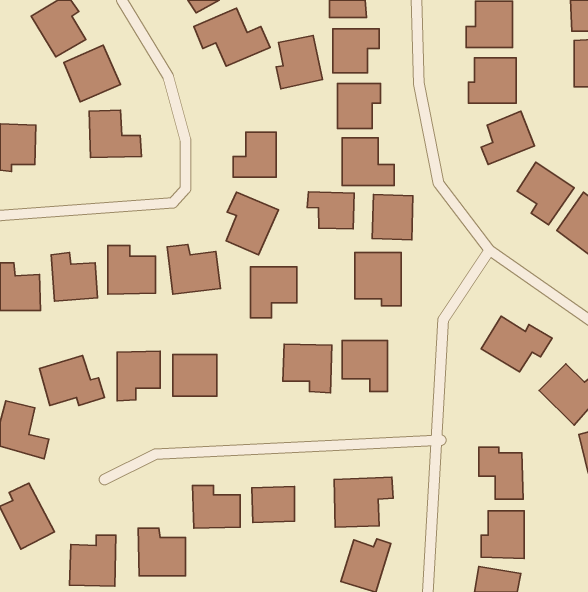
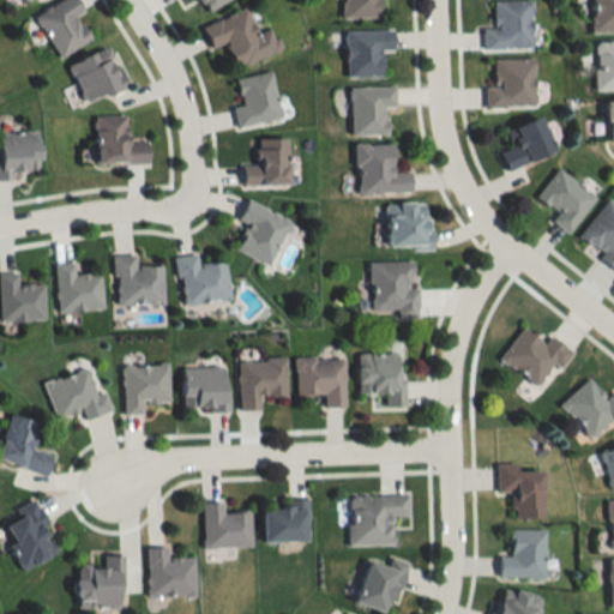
building: [276,36,323,89] -> [236,72,284,127]
building: [307,192,354,229] -> none
building: [250,267,297,318] -> [241,357,289,410]

